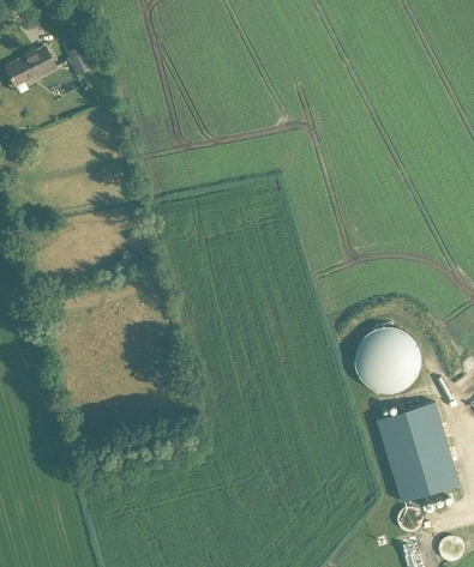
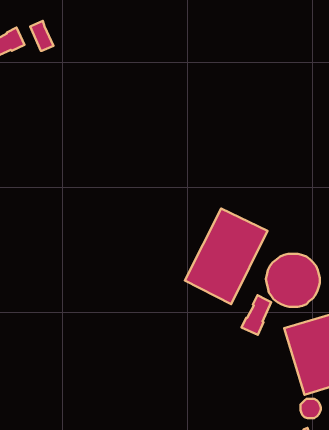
building: none -> [185,208,268,304]
building: none -> [241,295,271,335]

